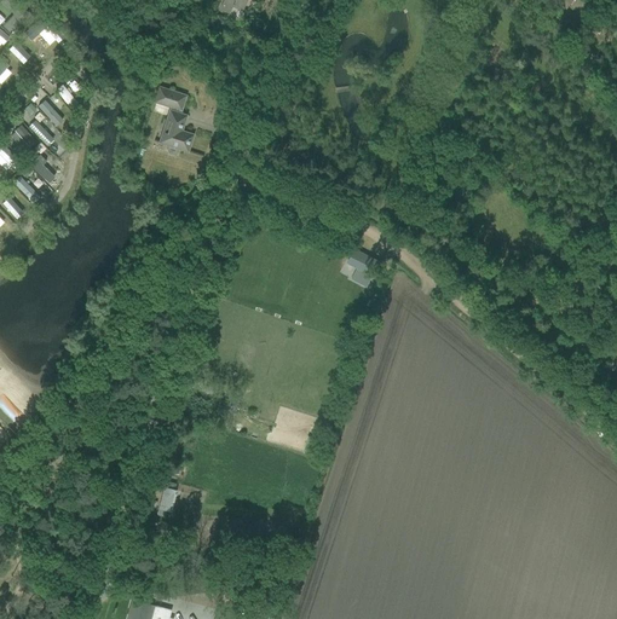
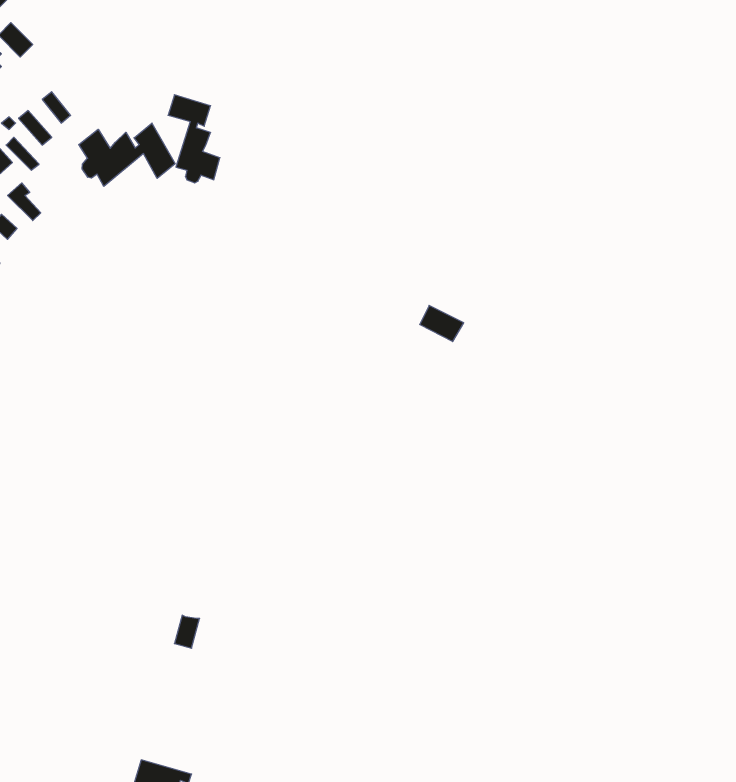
building: none -> [79,123,175,186]

